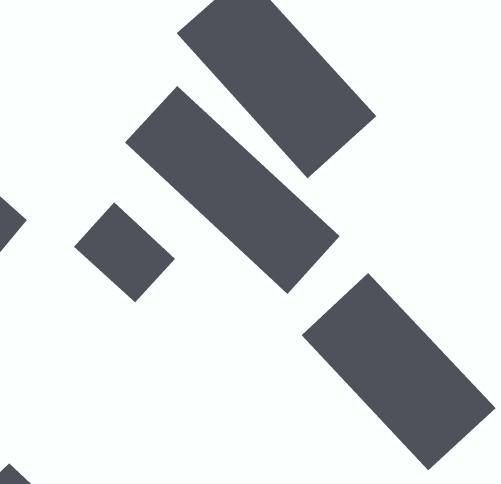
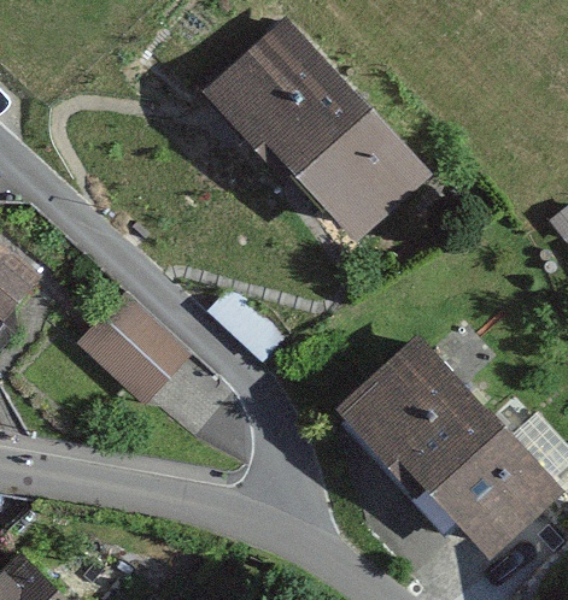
building: [124,85,340,295] -> none

